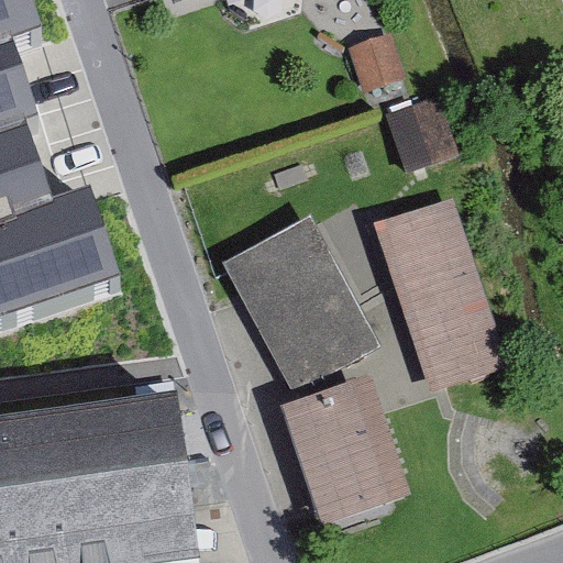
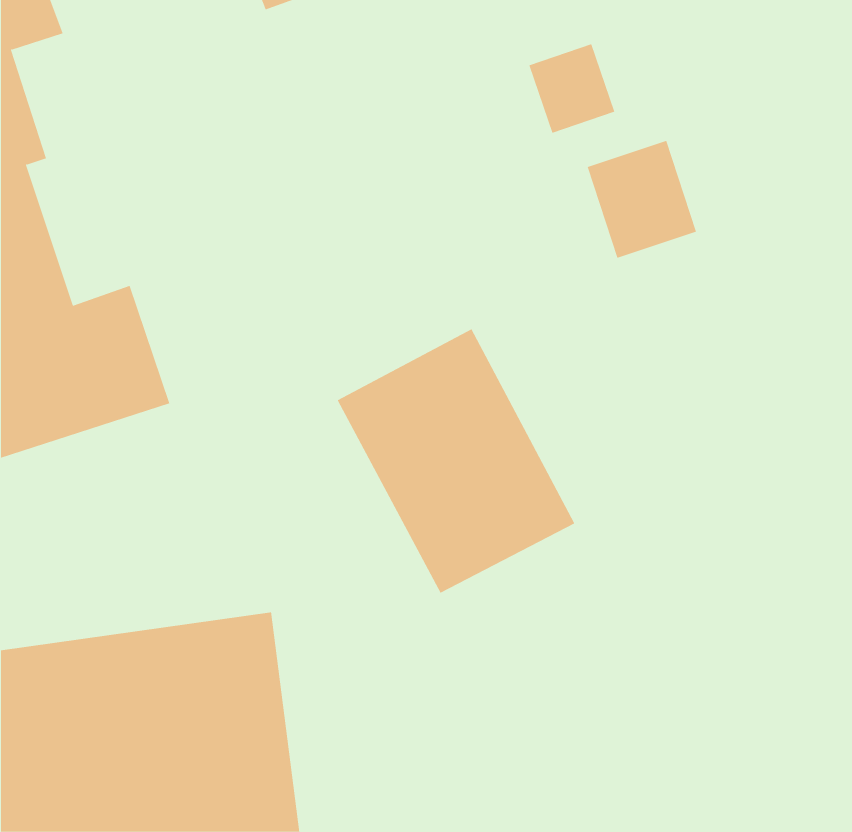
building: [374,197,511,393] -> none
building: [282,384,412,533] -> none

